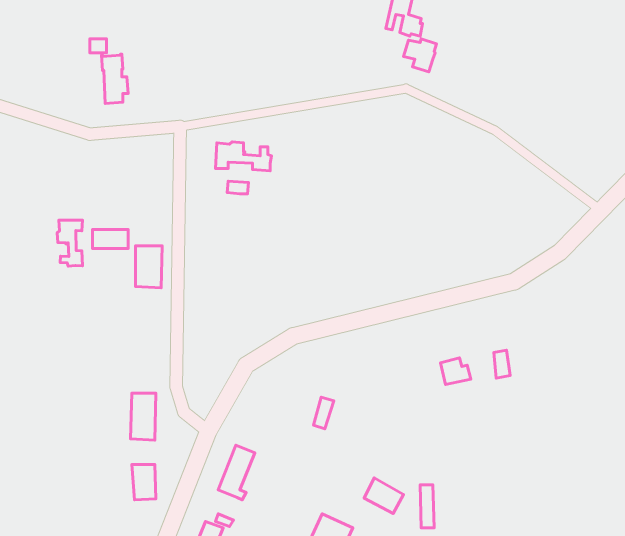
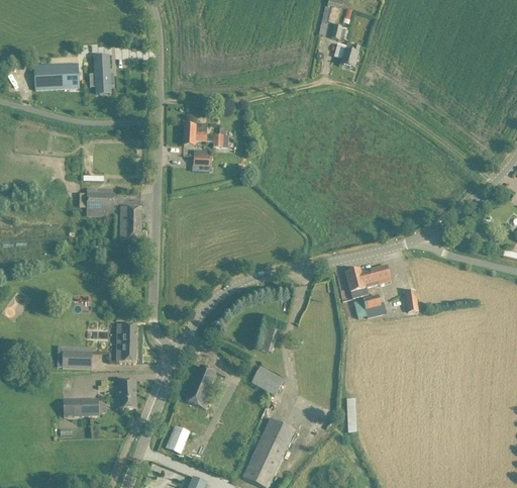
building: none -> [34,63,79,89]
building: [57,220,82,266] -> none
building: none -> [345,264,390,298]
building: none -> [62,351,92,368]
building: [364,478,403,514] -> [251,366,283,394]
building: none -> [73,398,99,415]

